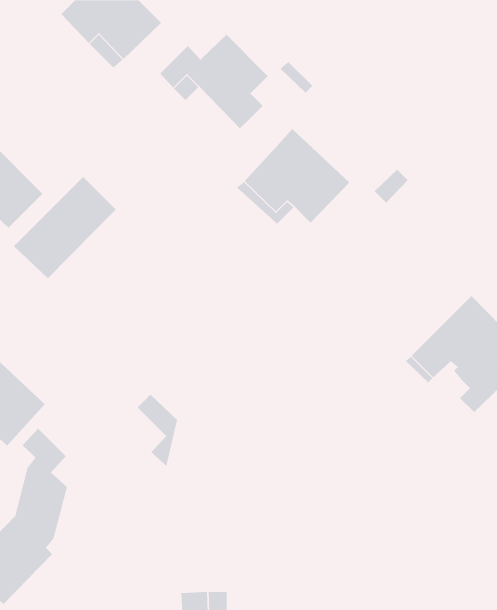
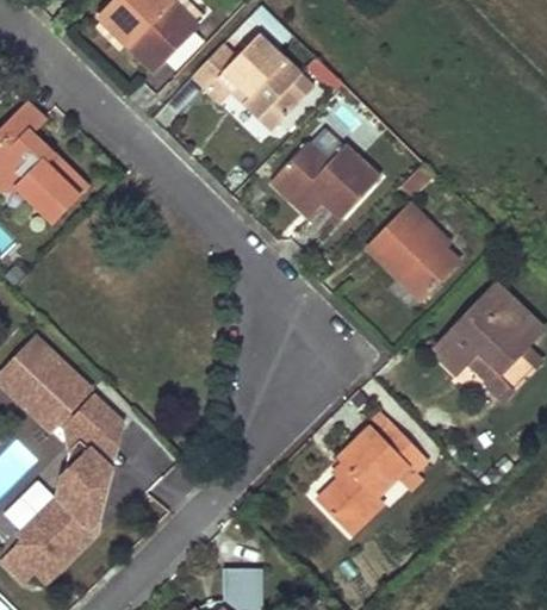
building: [13,176,116,279] -> none
building: none -> [368,203,459,298]
building: [137,394,178,467] -> [80,399,119,469]
building: none -> [317,422,427,531]

